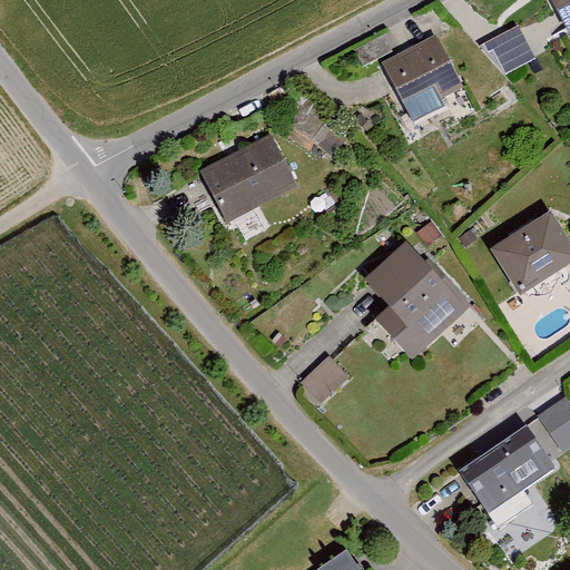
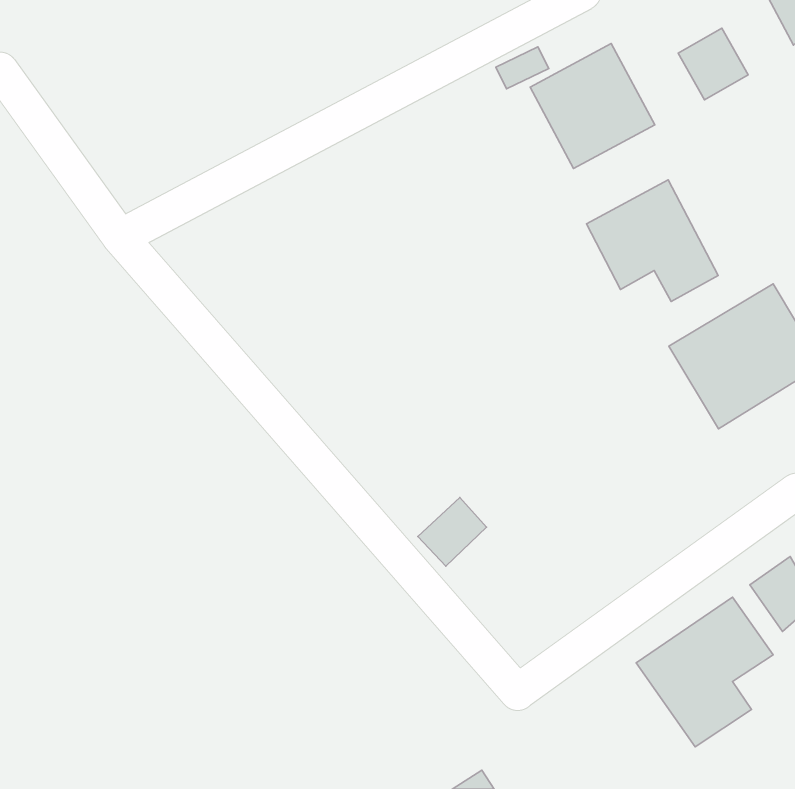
building: none -> [586,180,718,301]
building: [202,135,297,219] -> none
building: [367,246,470,356] -> none

